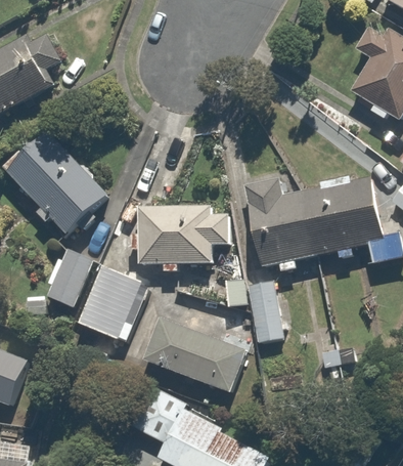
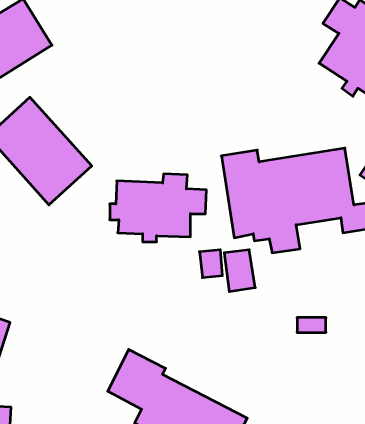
building: [45,246,93,310] -> none
building: [78,264,152,340] -> none
building: [141,314,244,393] -> none

